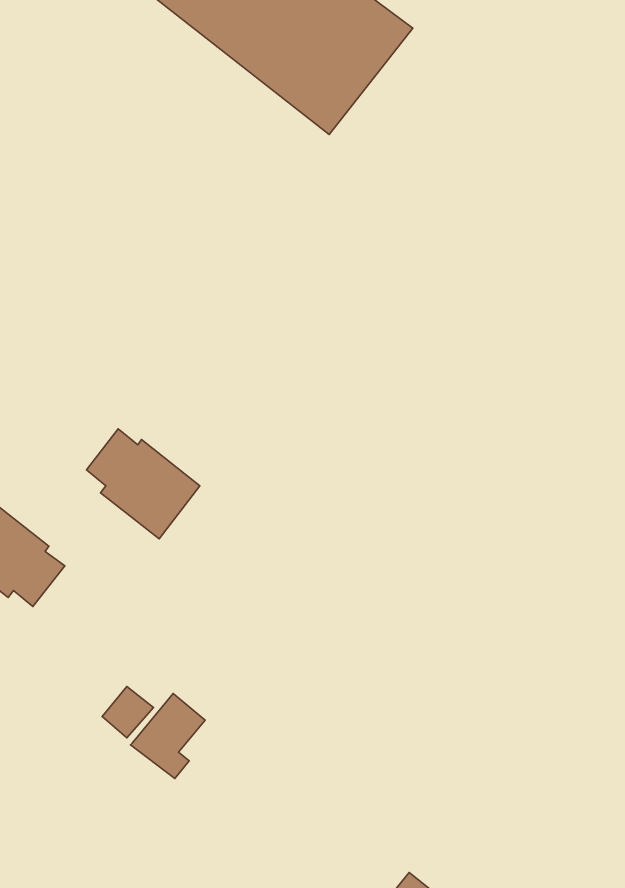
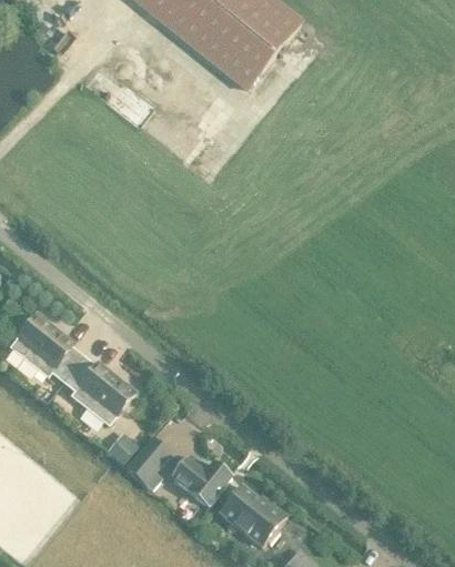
building: [86,429,200,539] -> [63,355,134,424]
building: none -> [172,457,232,506]
building: none -> [219,484,287,547]

